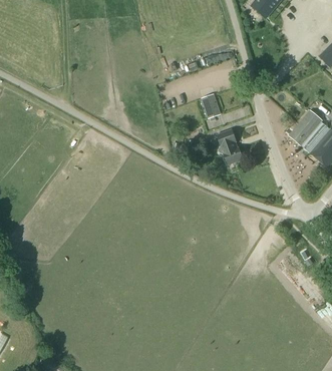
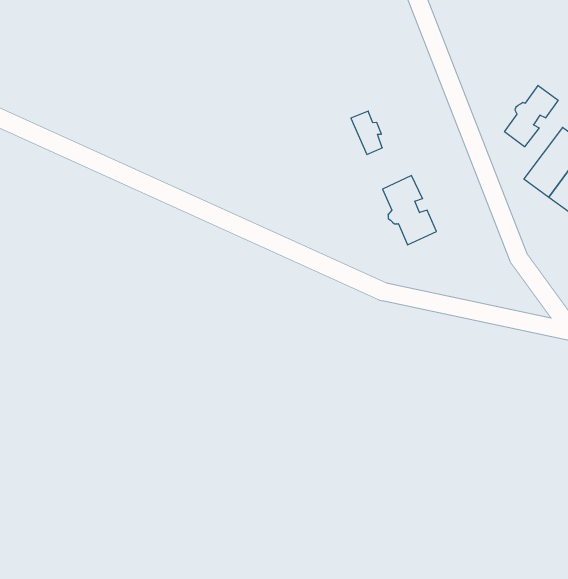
building: none -> [505,85,558,147]

